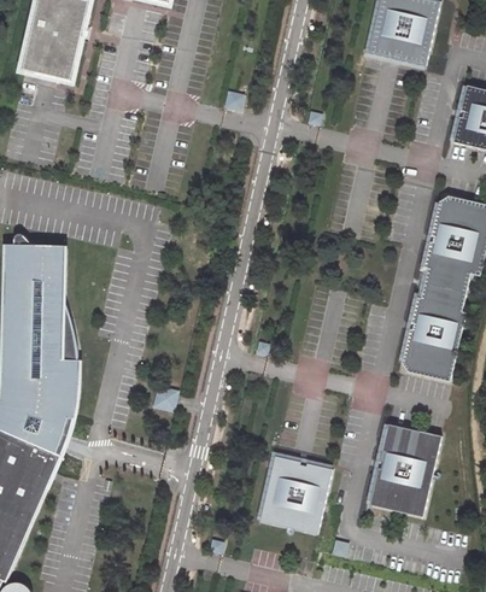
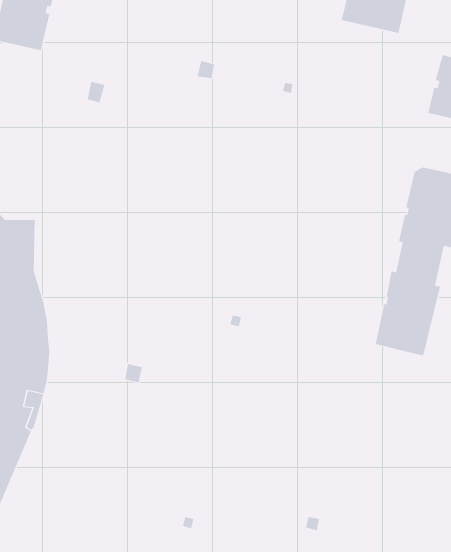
building: [368,422,440,515] -> none
building: [258,453,332,532] -> none

